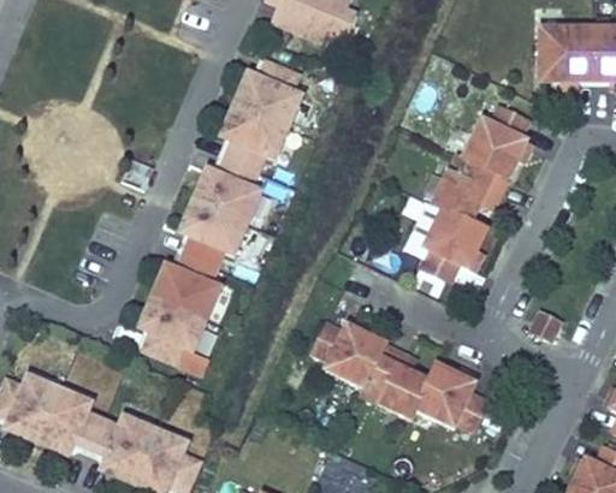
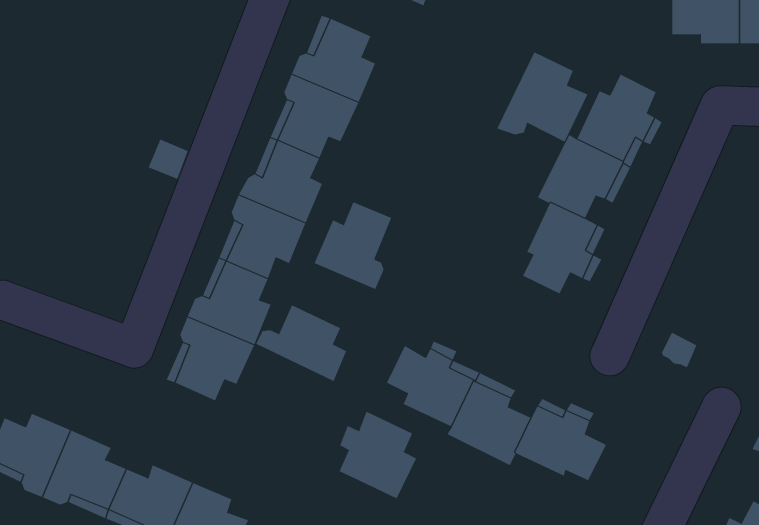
building: none -> [496,51,588,142]
building: none -> [314,201,392,290]
building: none -> [255,305,347,382]
building: none -> [339,411,417,499]

